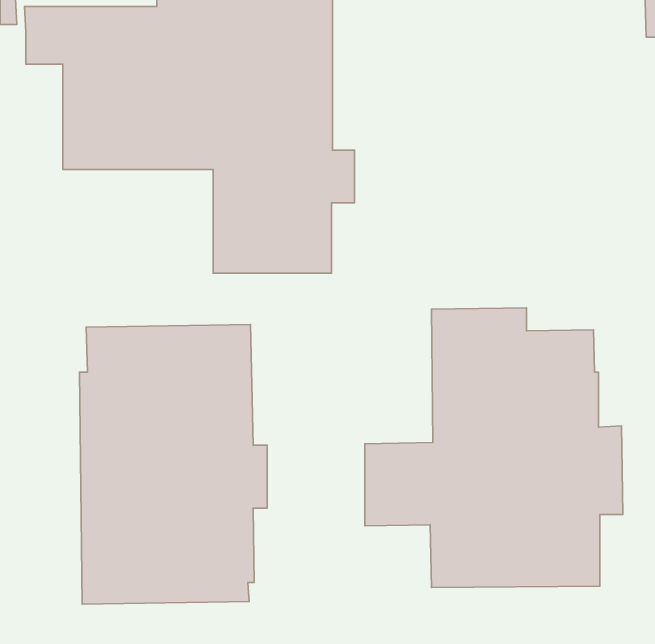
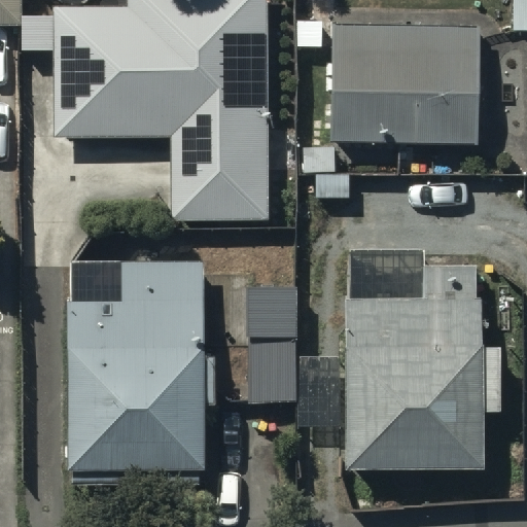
building: none -> [329,22,481,143]

